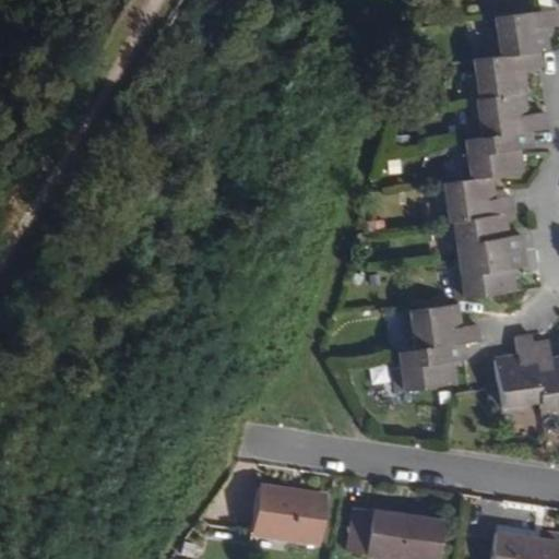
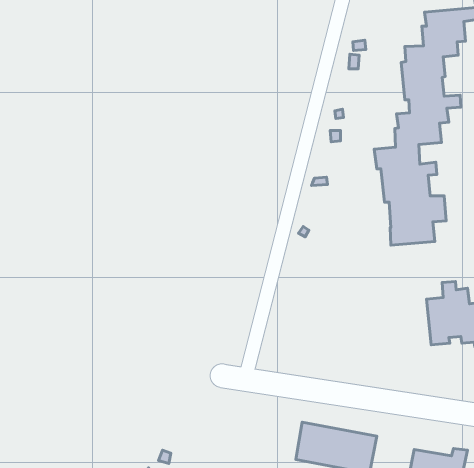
building: [395,301,477,385] -> none
building: [257,481,332,537] -> none

